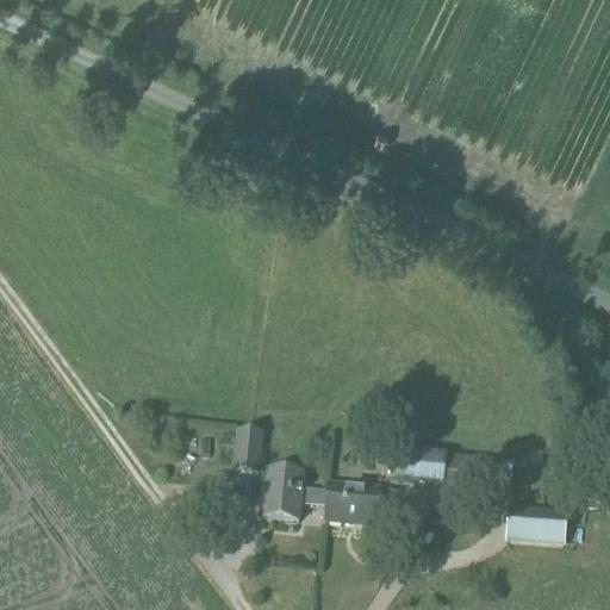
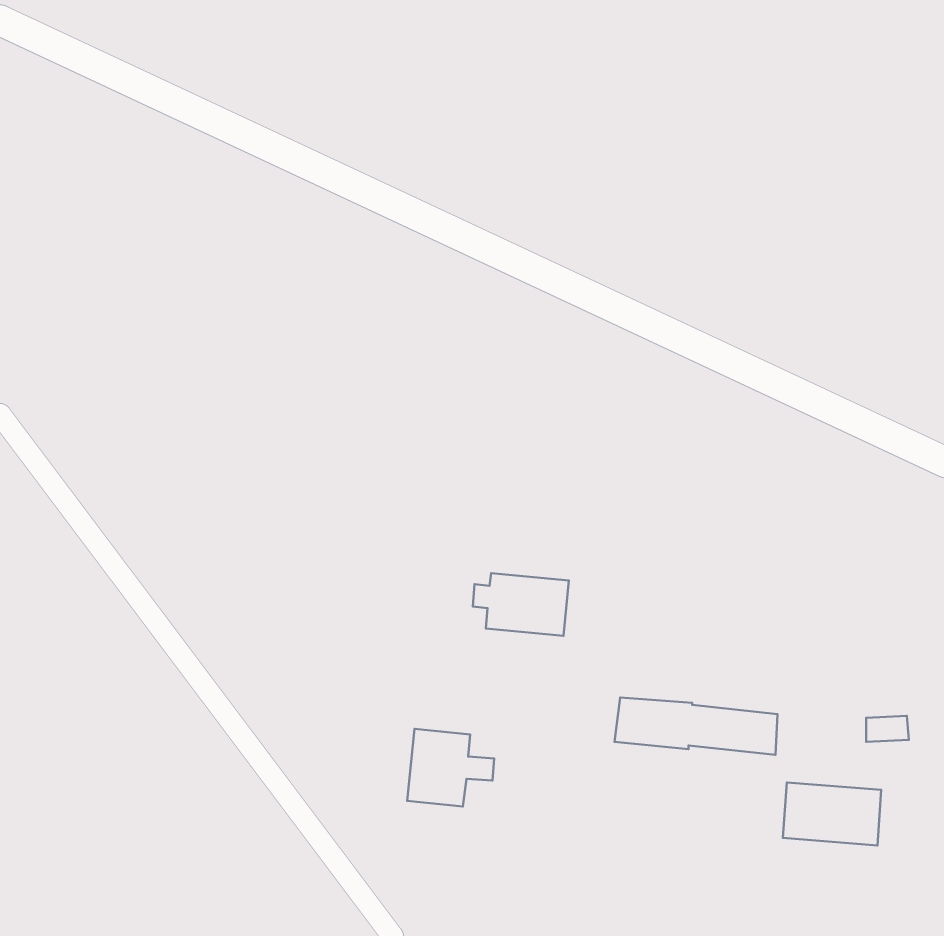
building: [234,429,264,473] -> none
building: [318,481,380,522] -> [473,573,569,636]

